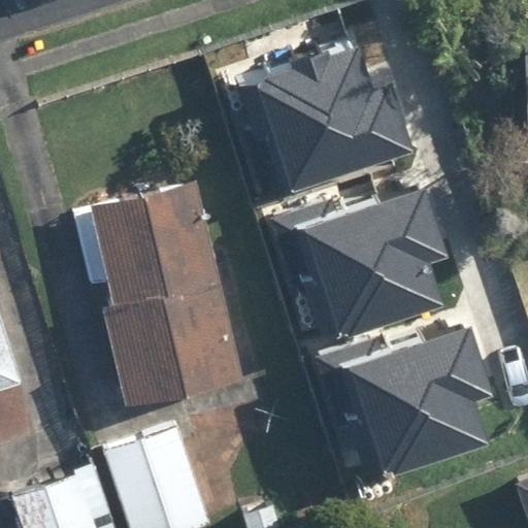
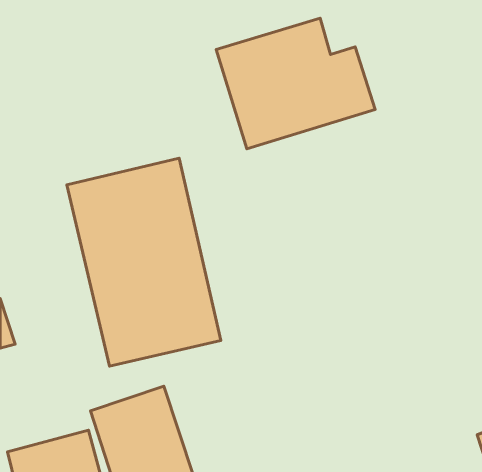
building: [295,174,455,324] -> none
building: [334,311,494,462] -> none

